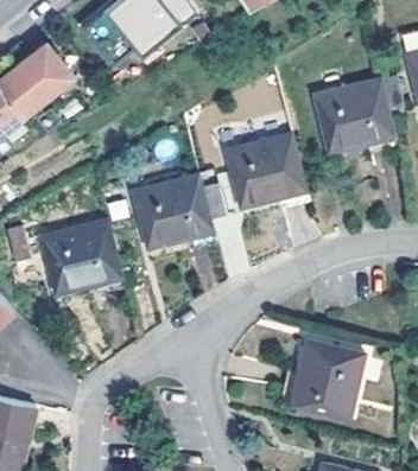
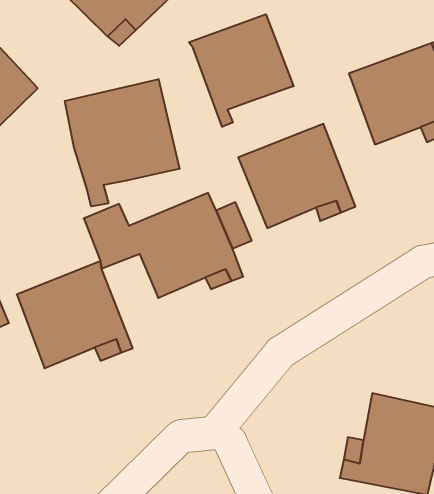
building: none -> [189,14,294,127]
building: none -> [65,79,179,206]

